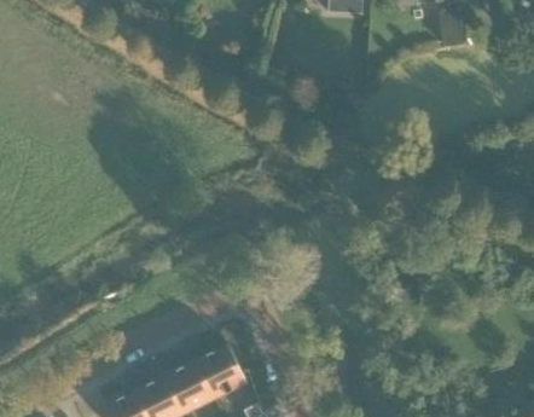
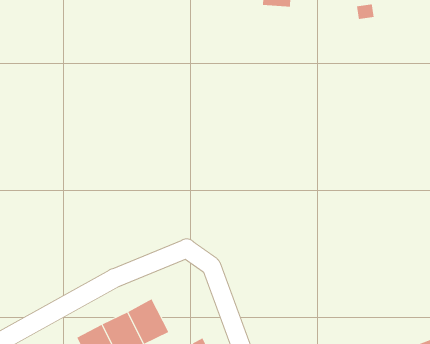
building: [197,343,248,398] -> none

